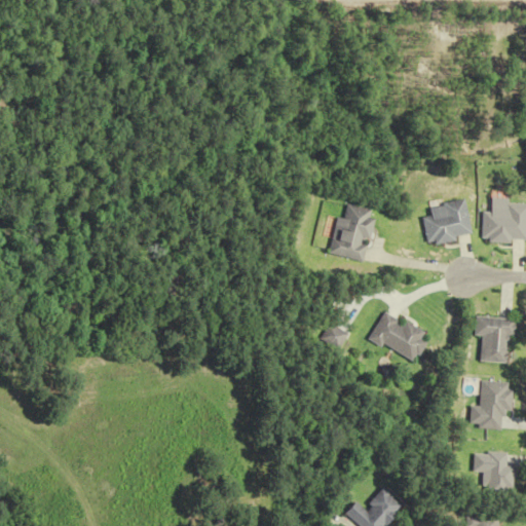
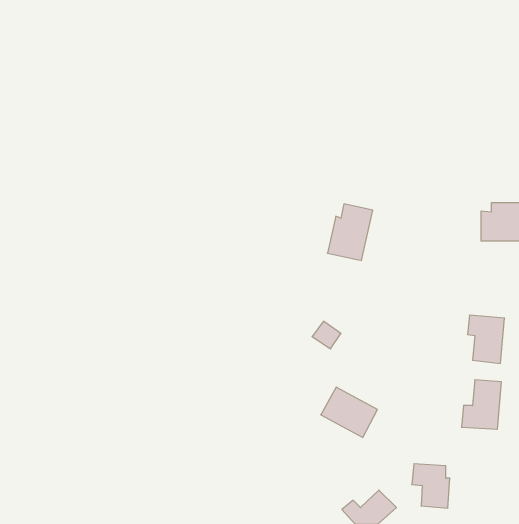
building: [427,198,475,242] -> none
building: [367,310,423,361] -> [321,387,377,437]
building: [472,450,510,494] -> [412,464,450,508]

